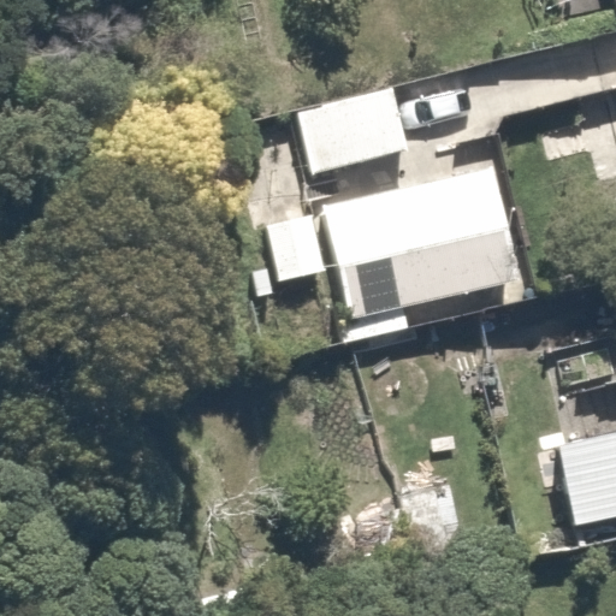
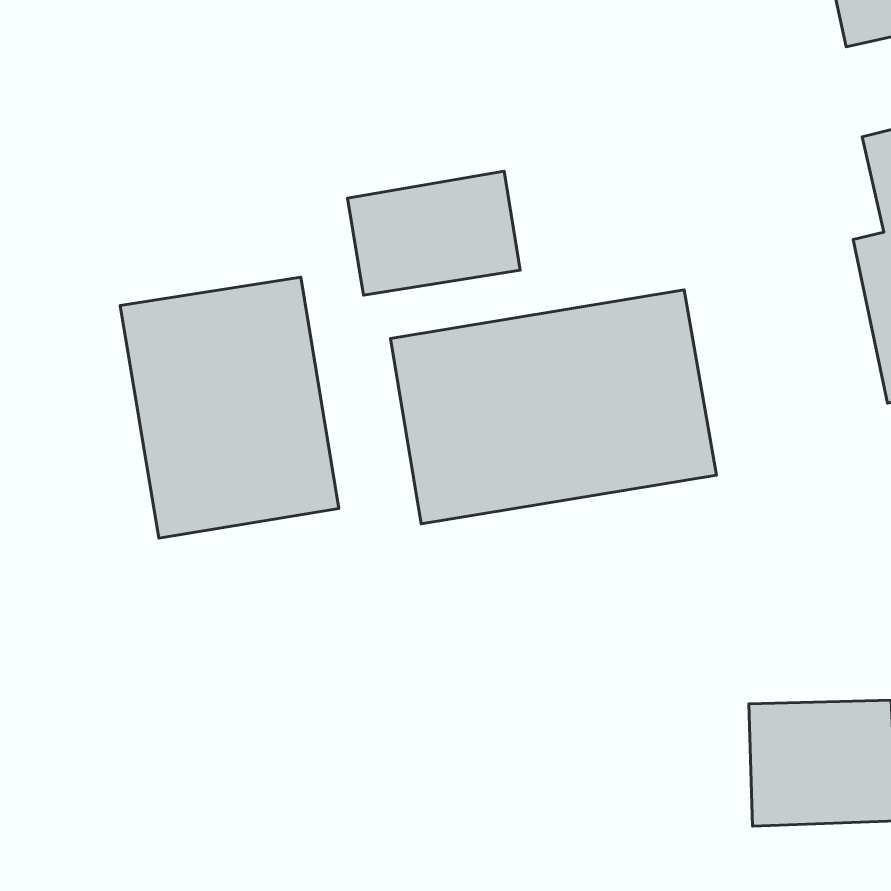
building: none -> [120,277,339,538]

